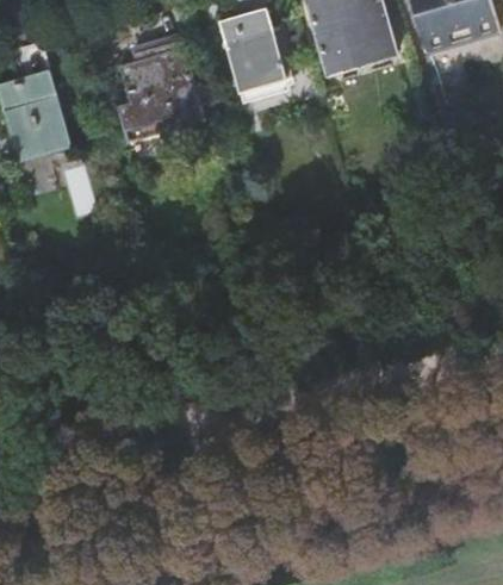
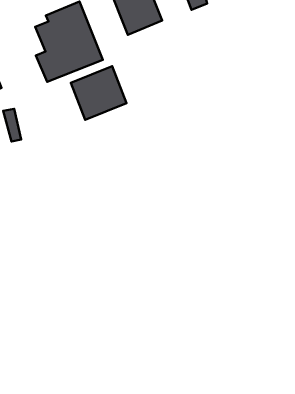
building: none -> [71,66,127,120]

